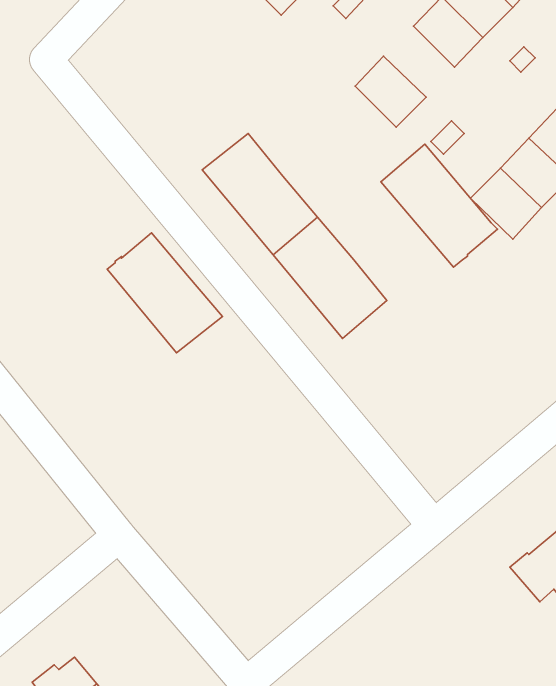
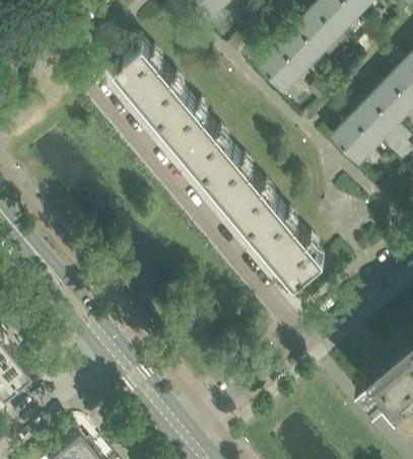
building: none -> [270,32,316,78]
building: [381,144,498,267] -> [244,209,319,288]
building: [107,233,222,353] -> [109,48,183,125]

